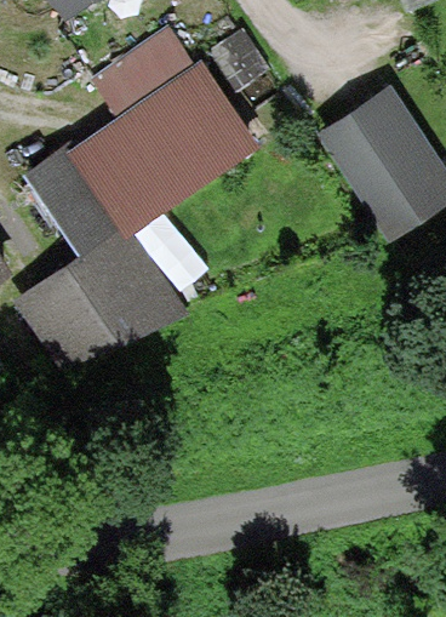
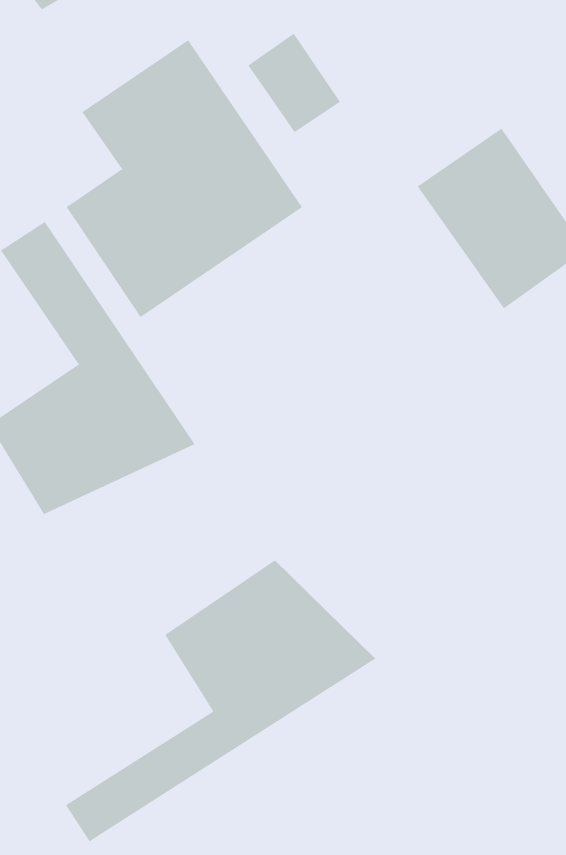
building: none -> [65,560,376,842]

